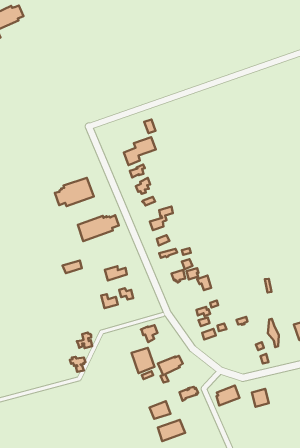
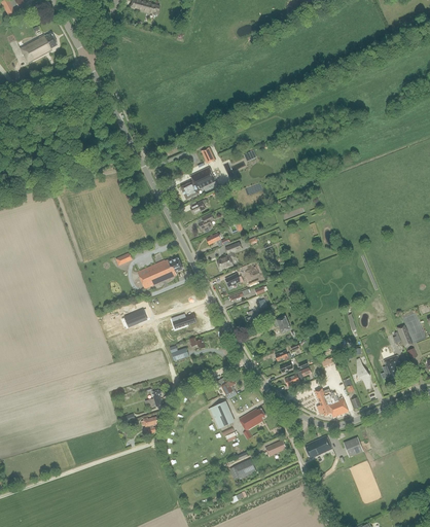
building: [55,178,94,206] -> none
building: none -> [315,387,348,416]
building: [158,420,185,441] -> none

